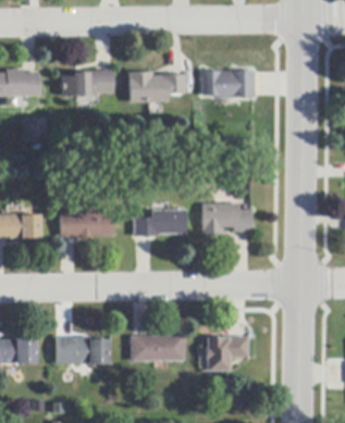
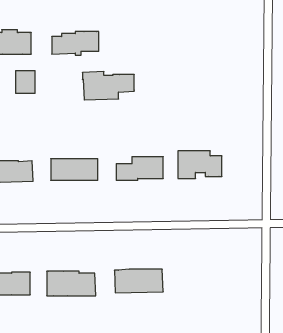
building: [128,71,186,102] -> [82,72,134,100]
building: [202,71,254,98] -> none
building: [207,336,249,371] -> none

